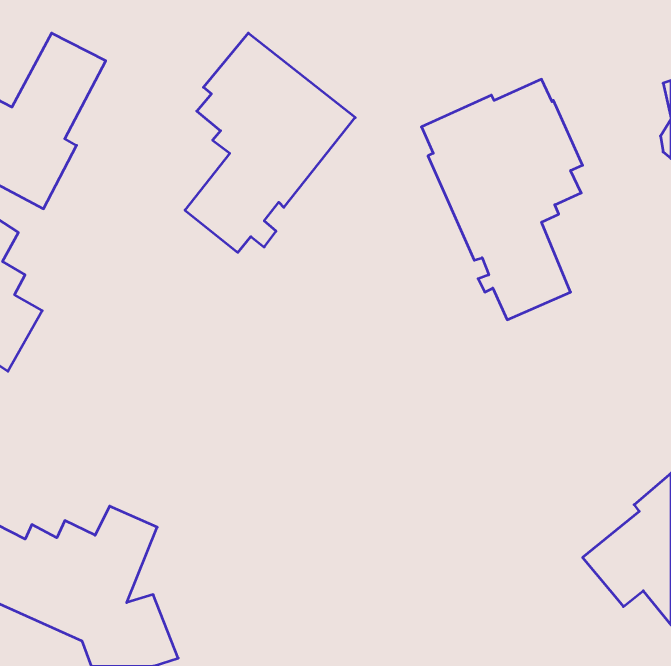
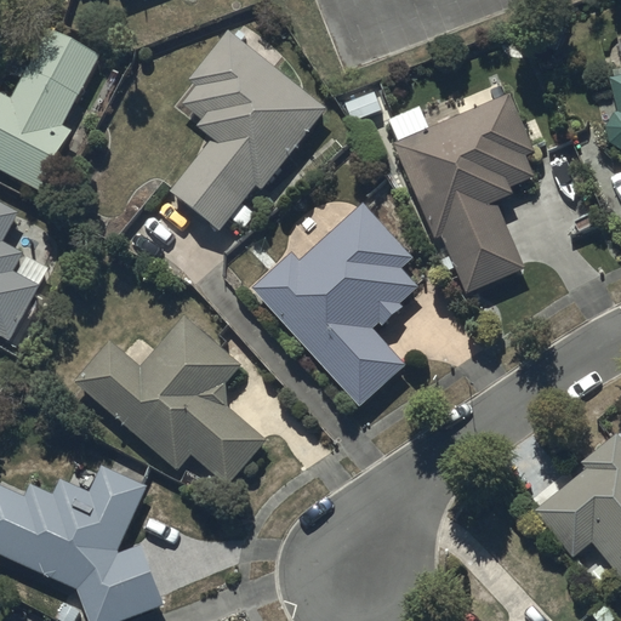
building: none -> [251,201,417,408]
building: none -> [72,315,267,485]

